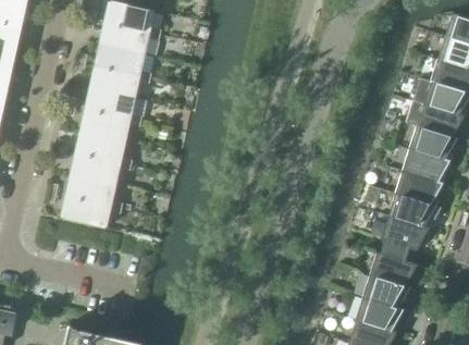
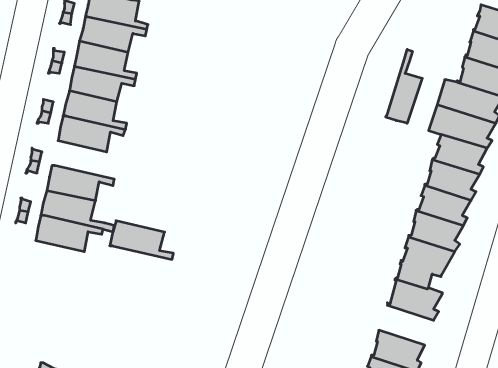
building: none -> [386,49,422,123]
building: [76,133,132,167] -> [110,221,173,259]
building: [361,276,409,311] -> none

